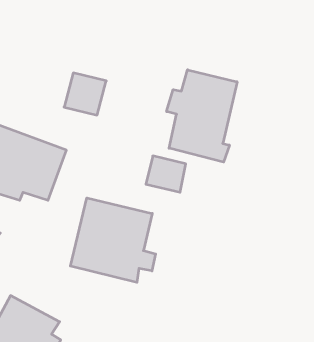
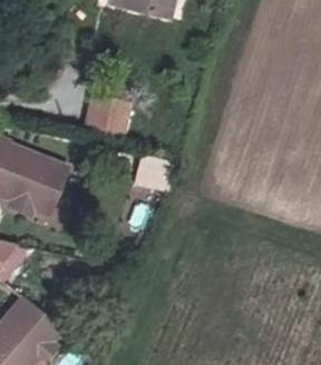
building: [167,70,237,162] -> none
building: [70,198,156,282] -> none

